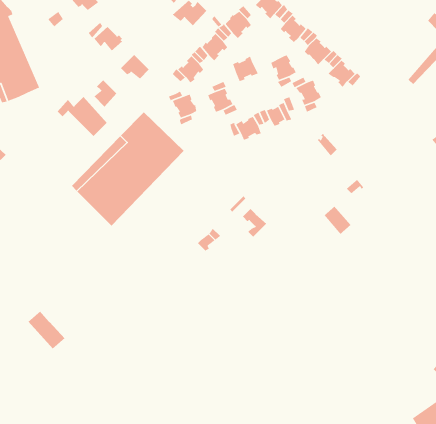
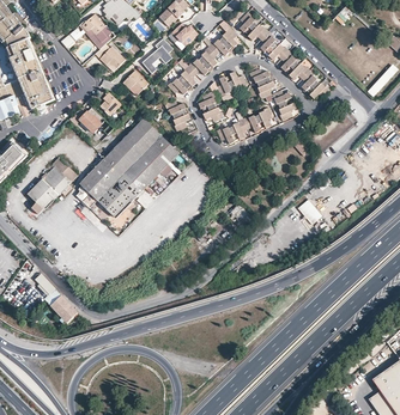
building: none -> [141,38,172,74]
building: none -> [28,158,79,215]

